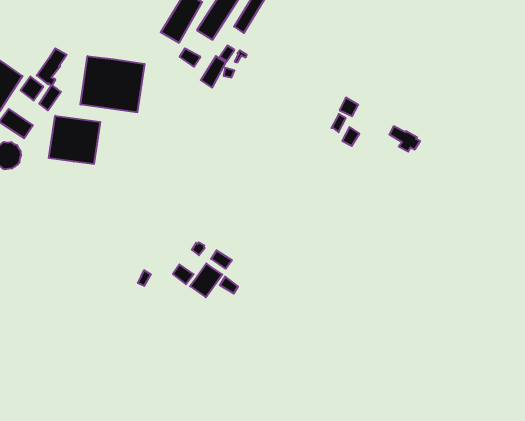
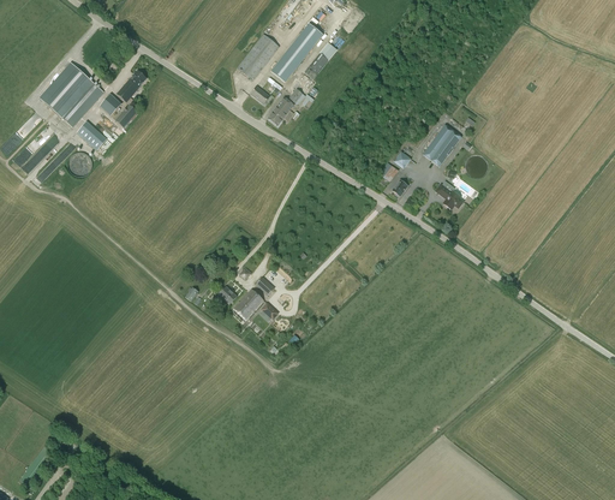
building: [80,56,145,112] -> none
building: none -> [422,125,461,167]
building: [49,116,100,164] -> none

